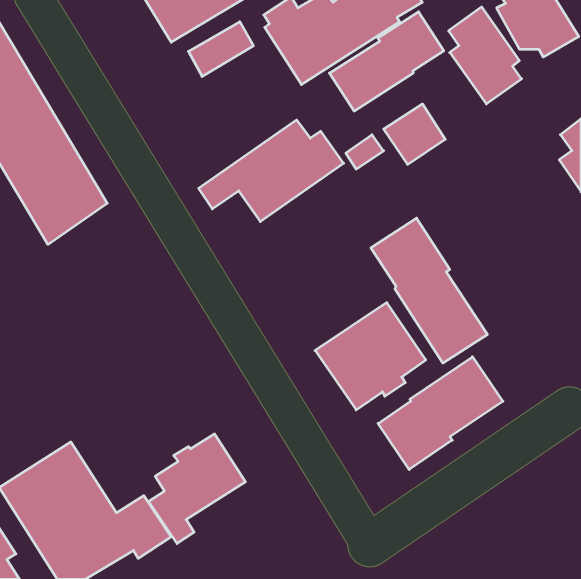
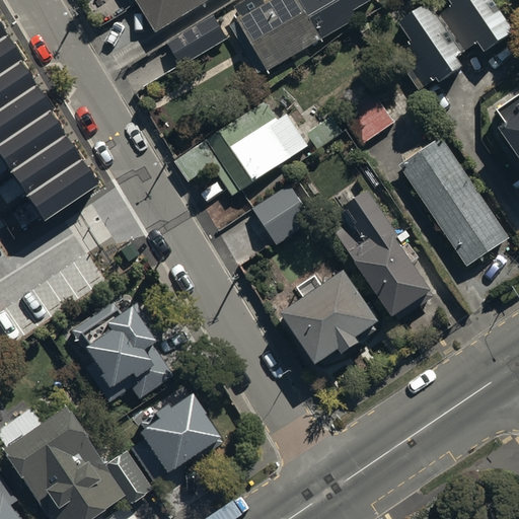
building: [329,12,444,111] -> none
building: none -> [397,141,506,271]
building: none -> [251,187,311,245]
building: none -> [66,290,170,393]
building: [378,357,503,470] -> none

